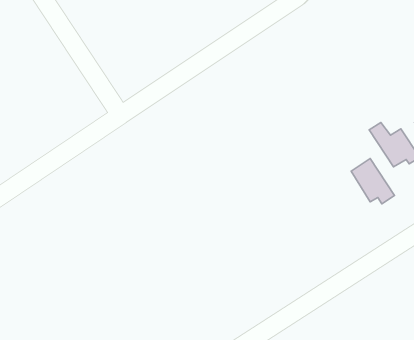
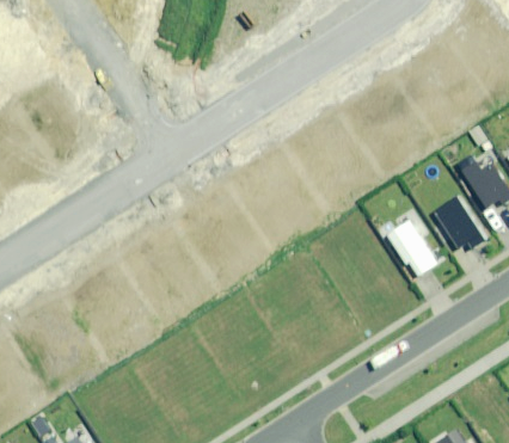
building: none -> [388,221,437,276]

